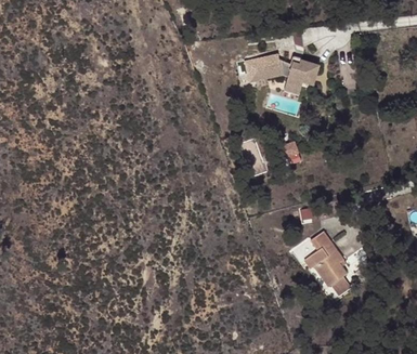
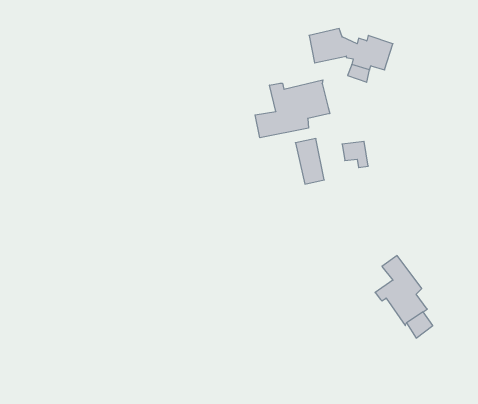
building: none -> [255,80,330,138]

